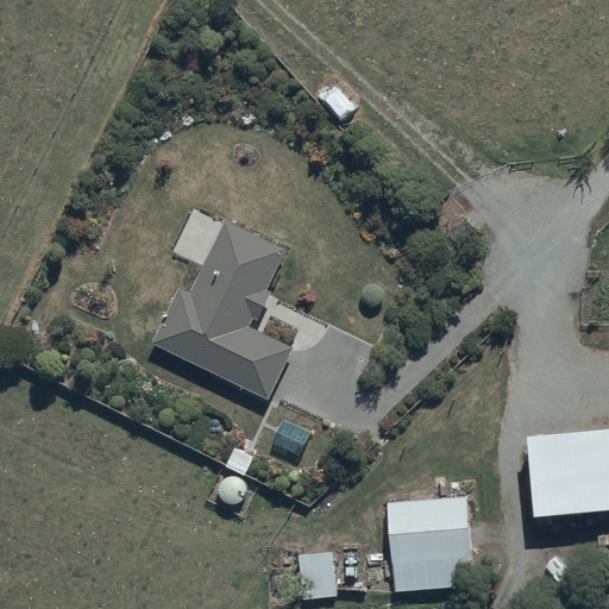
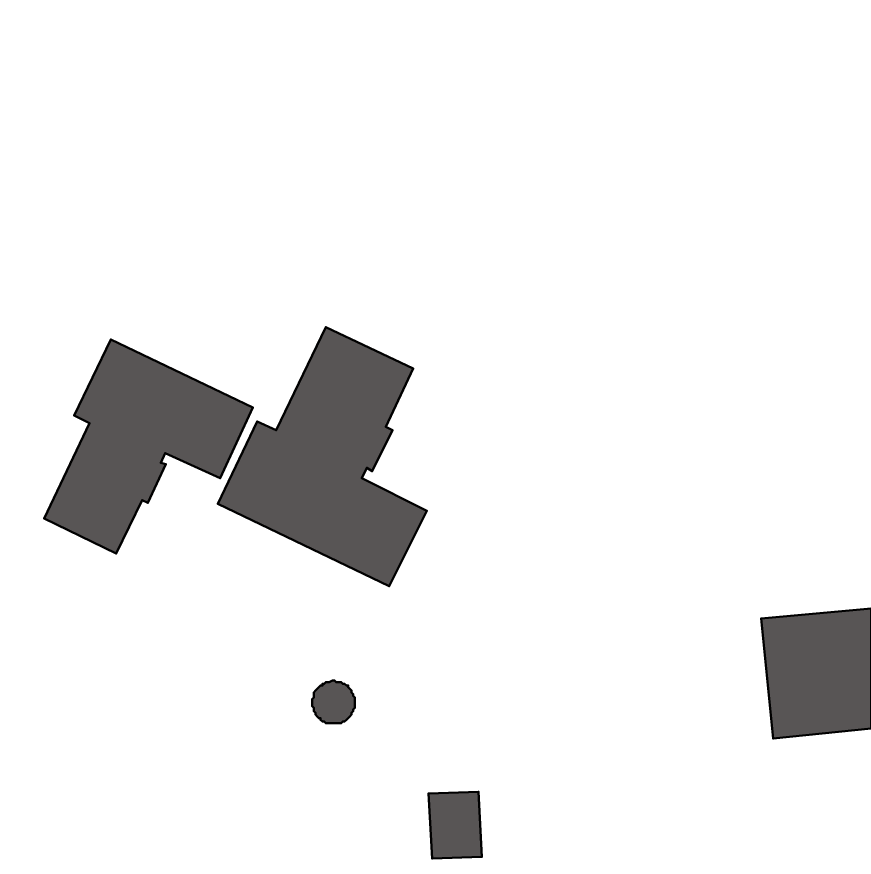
building: none -> [44,339,253,554]
building: [385,492,473,590] -> none

